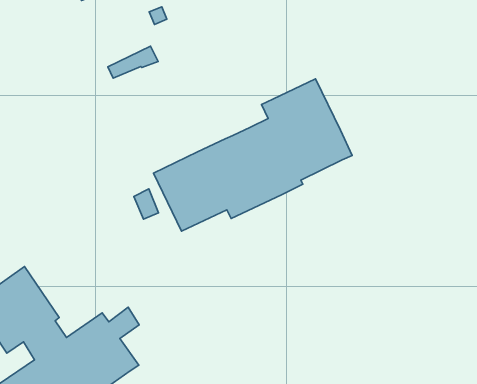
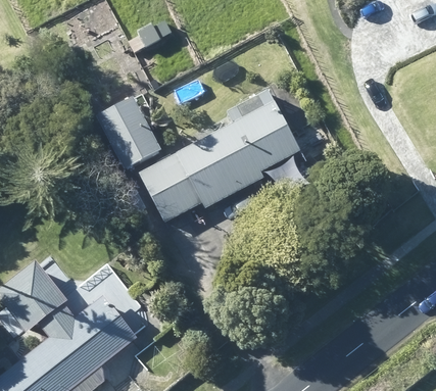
building: none -> [97,97,162,168]

